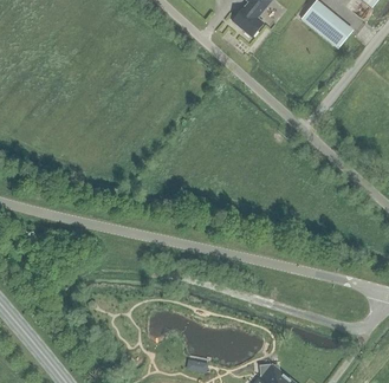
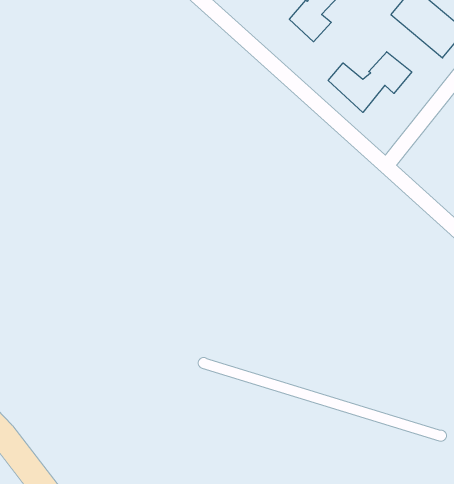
building: none -> [328,52,412,112]

